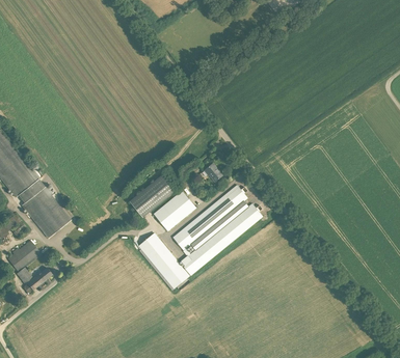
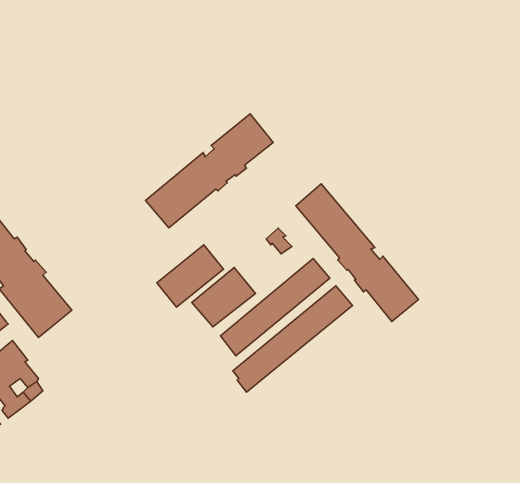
building: none -> [146,114,273,228]
building: none -> [296,184,418,321]
building: [138,232,189,290] -> none

